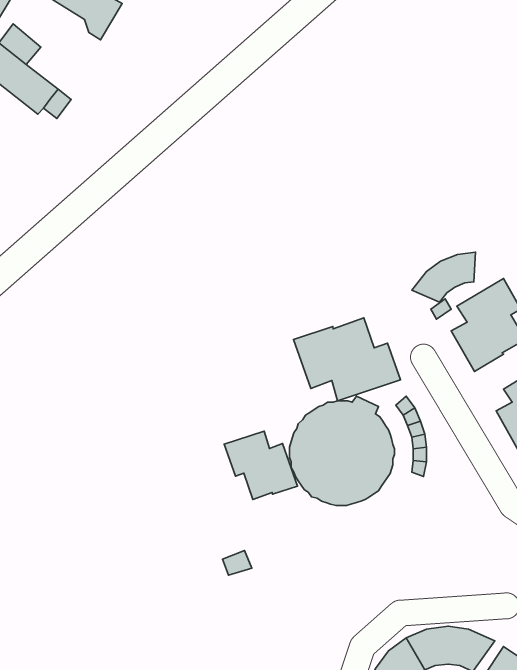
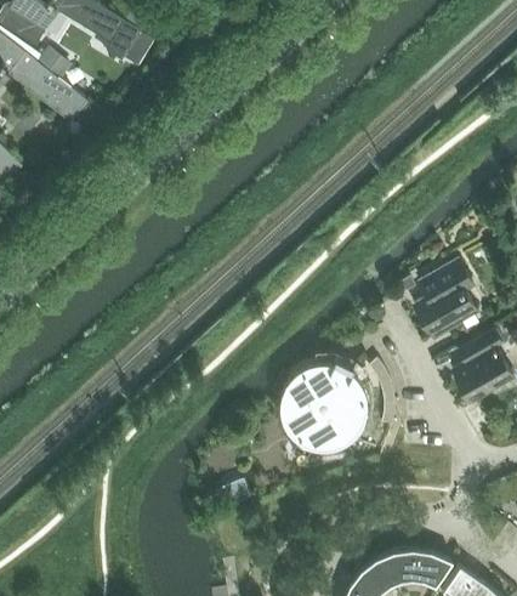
building: [412,252,476,302] -> none
building: [293,318,401,401] -> none
building: [224,431,297,499] -> none

